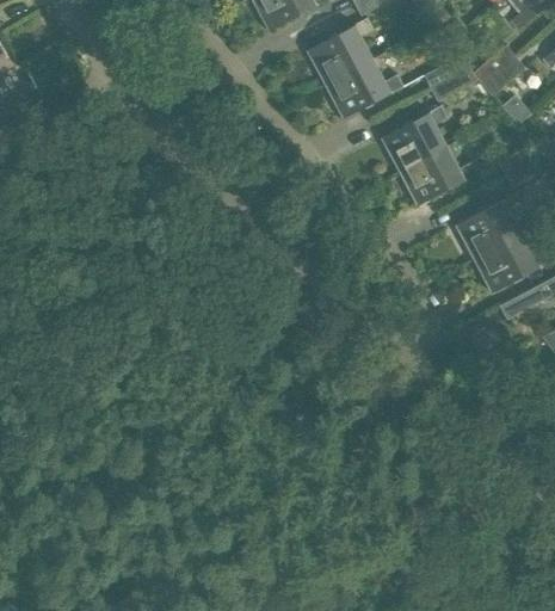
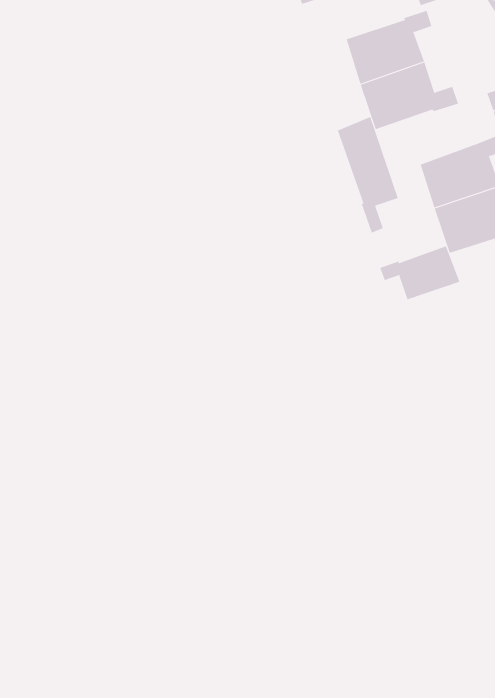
building: none -> [337,116,399,234]
building: none -> [379,246,460,300]

